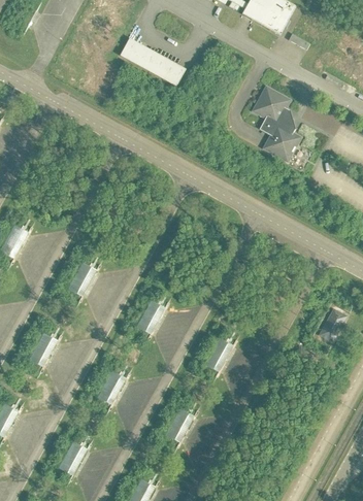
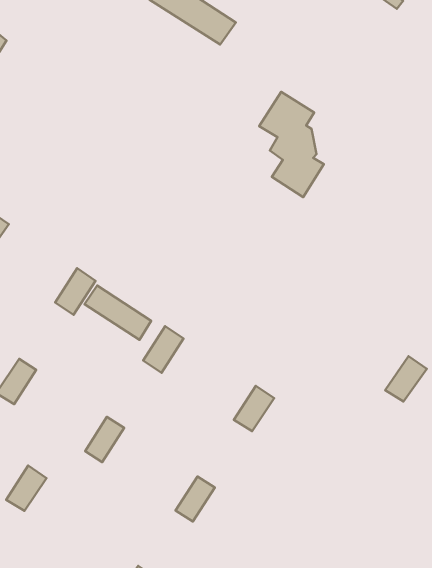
building: [249,83,299,161] -> [259,92,324,197]
building: none -> [84,286,151,340]
building: [57,440,86,474] -> [6,466,47,511]

